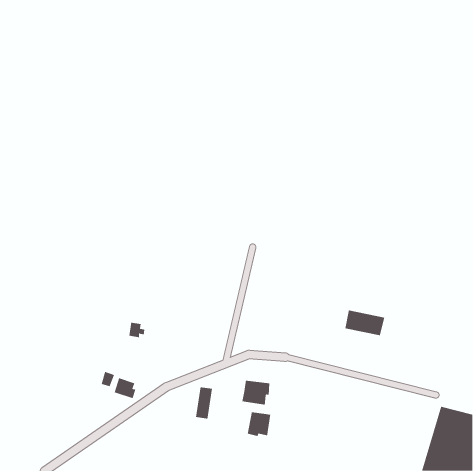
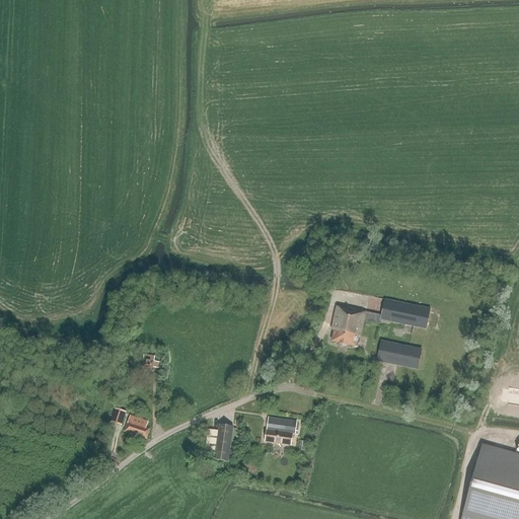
building: none -> [331,298,430,345]
building: [247,412,271,437] -> none

